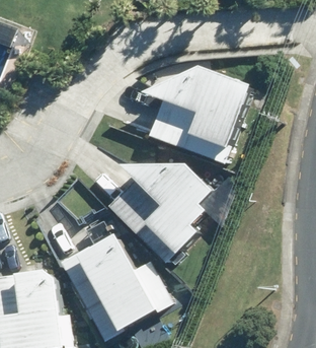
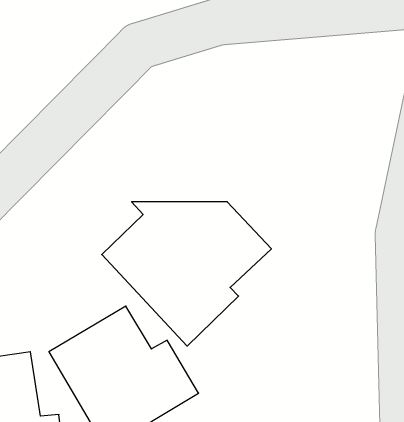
building: [145,64,250,159] -> none

